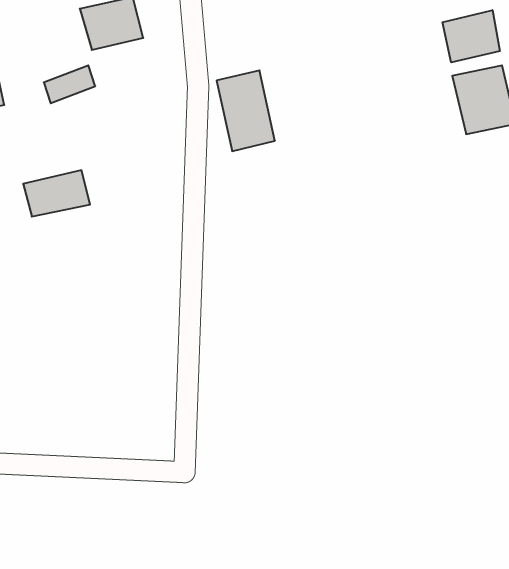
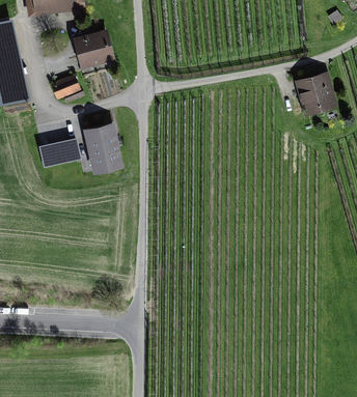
building: [442,10,500,62] -> none
building: [217,70,275,151] -> [85,122,120,171]

